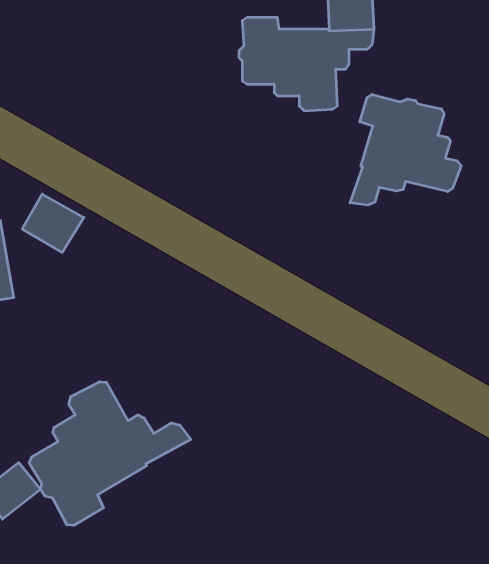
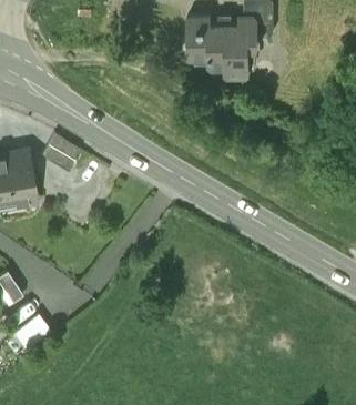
building: [350,94,461,205] -> none
building: [29,382,191,525] -> none

